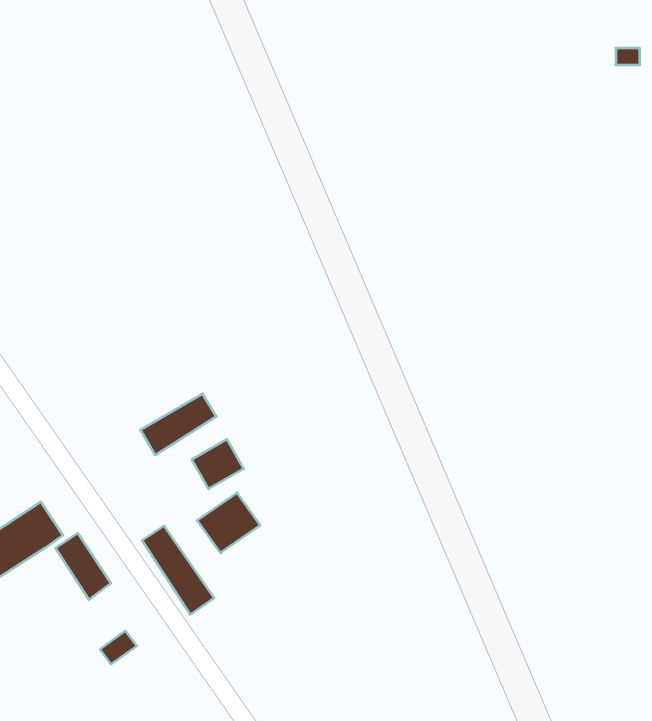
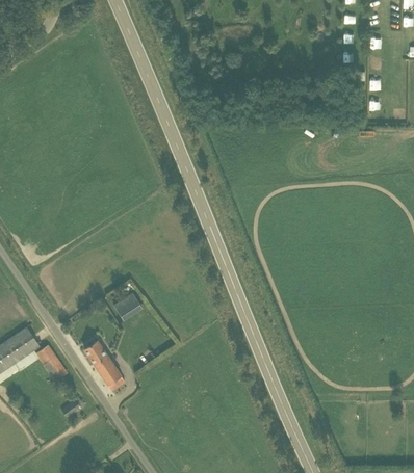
building: [140,394,216,455] -> none
building: [197,493,260,553] -> none

